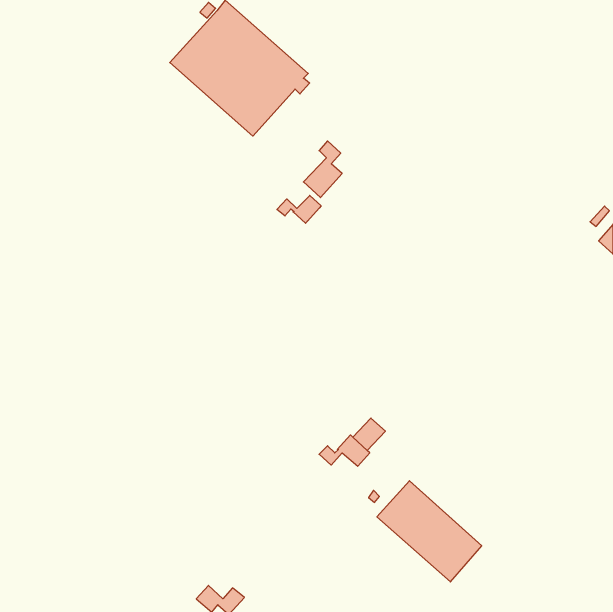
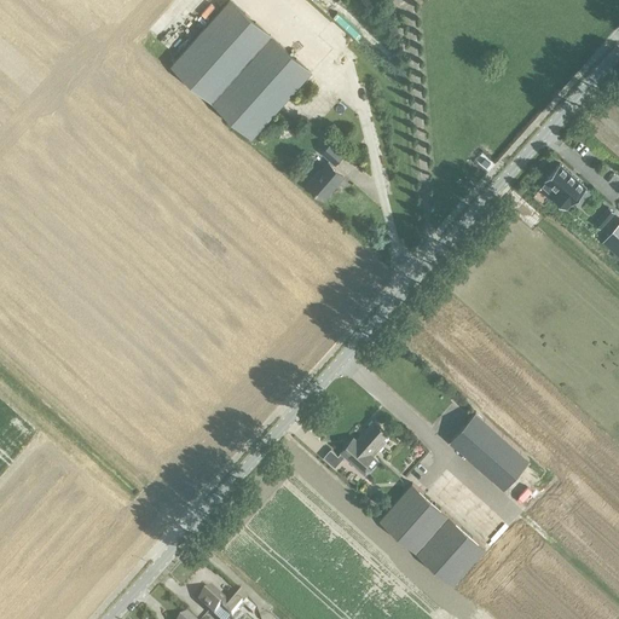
building: none -> [540,166,584,213]
building: [277,195,321,223] -> none
building: none -> [447,413,528,491]

